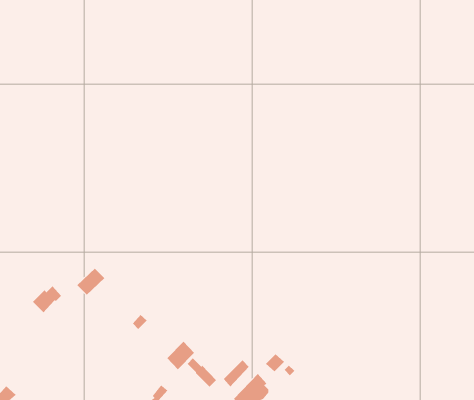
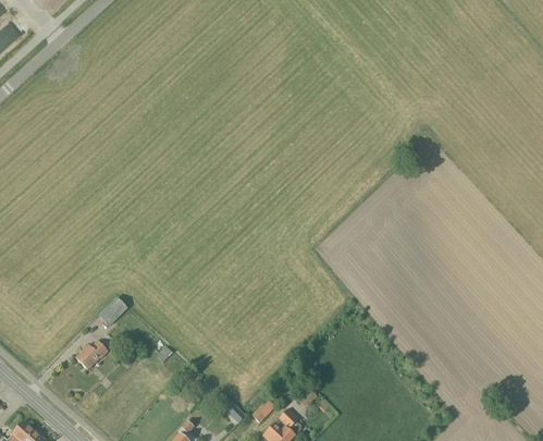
building: [32,285,62,313] -> [74,342,106,371]
building: [166,341,195,370] -> none

